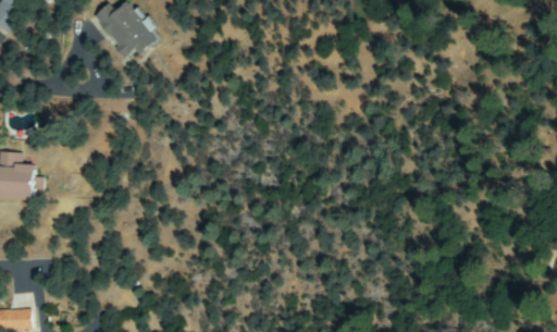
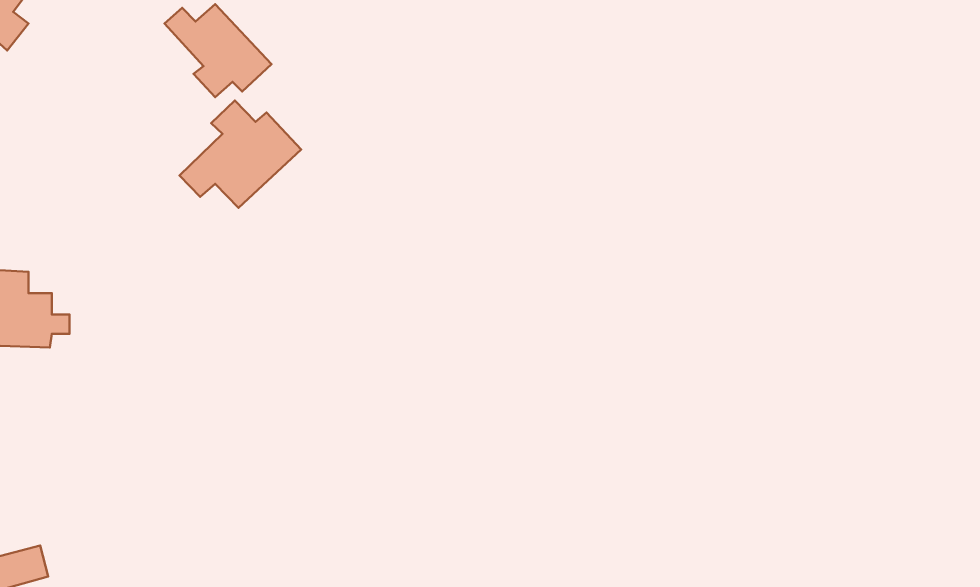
building: none -> [179,100,301,208]

